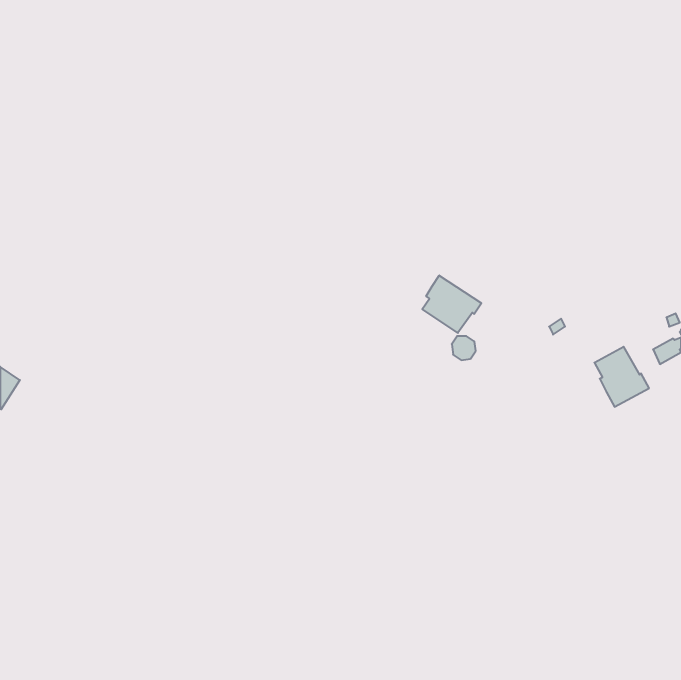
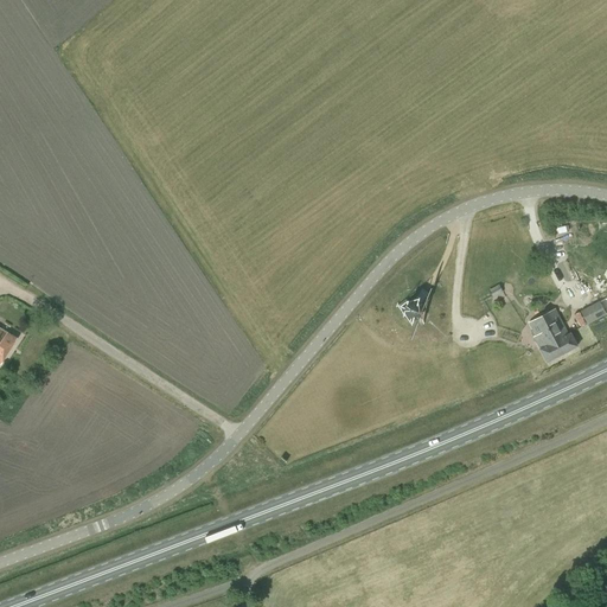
building: [422,275,481,333] -> none

